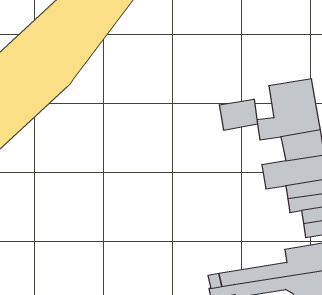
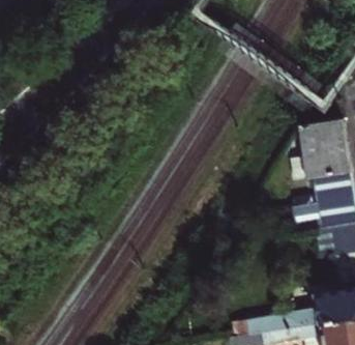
building: [219,99,257,130] -> none

